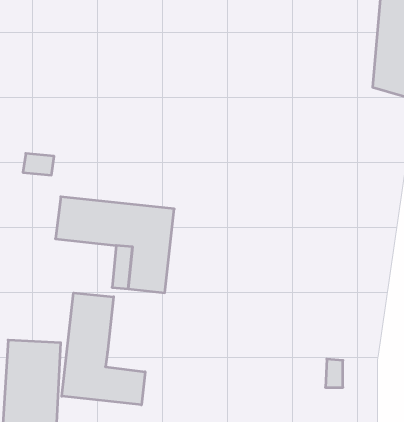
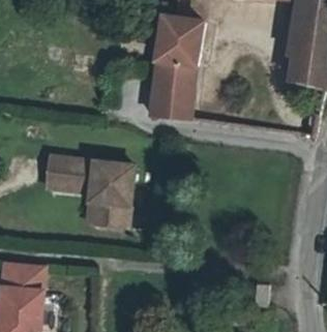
building: none -> [149,13,199,116]
building: [62,293,145,405] -> none

